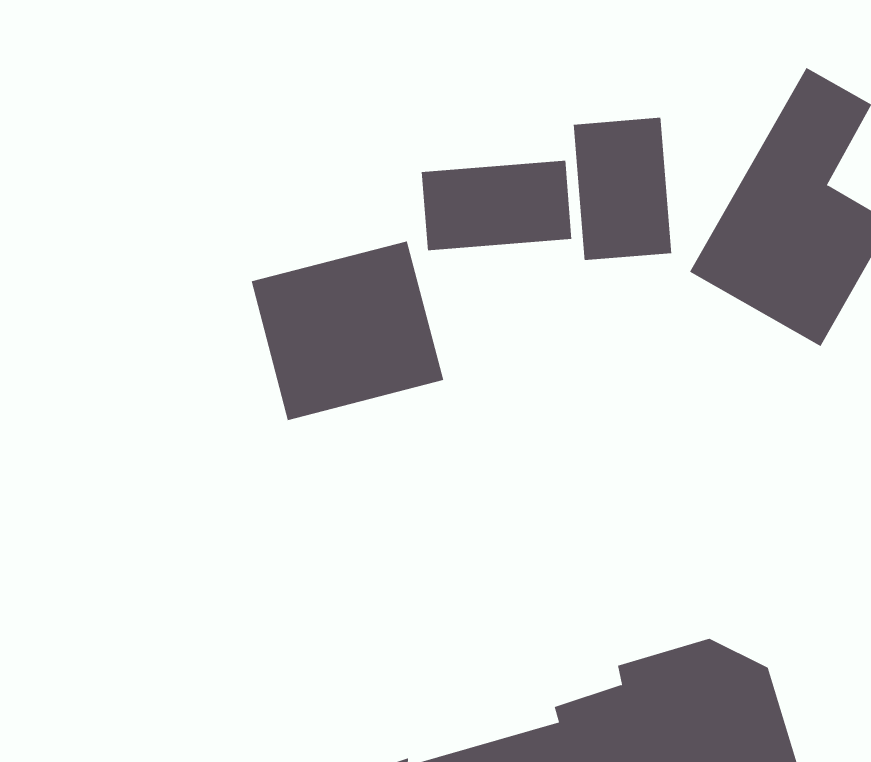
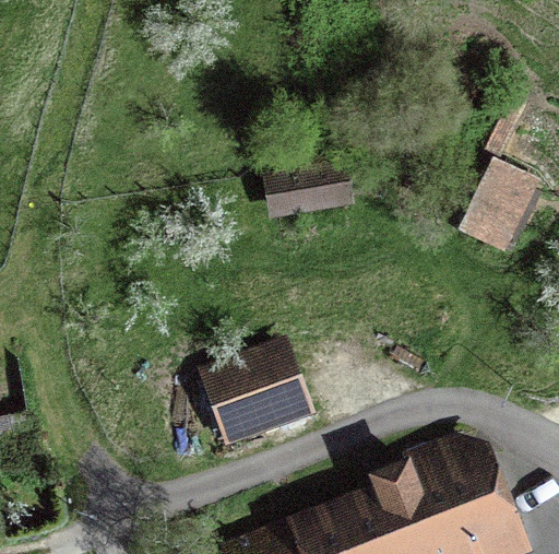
building: [573,117,672,261] -> none
building: [251,241,444,421] -> [199,338,317,449]

